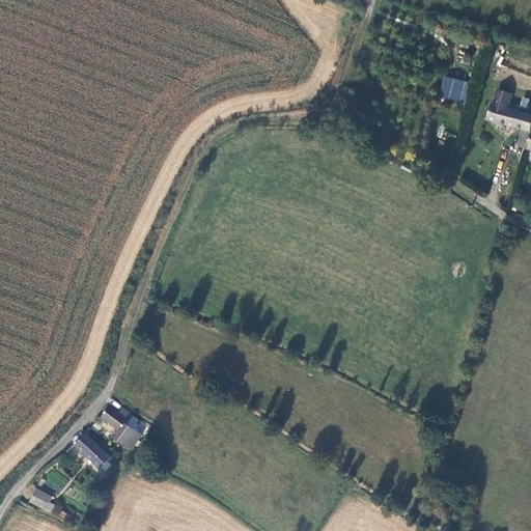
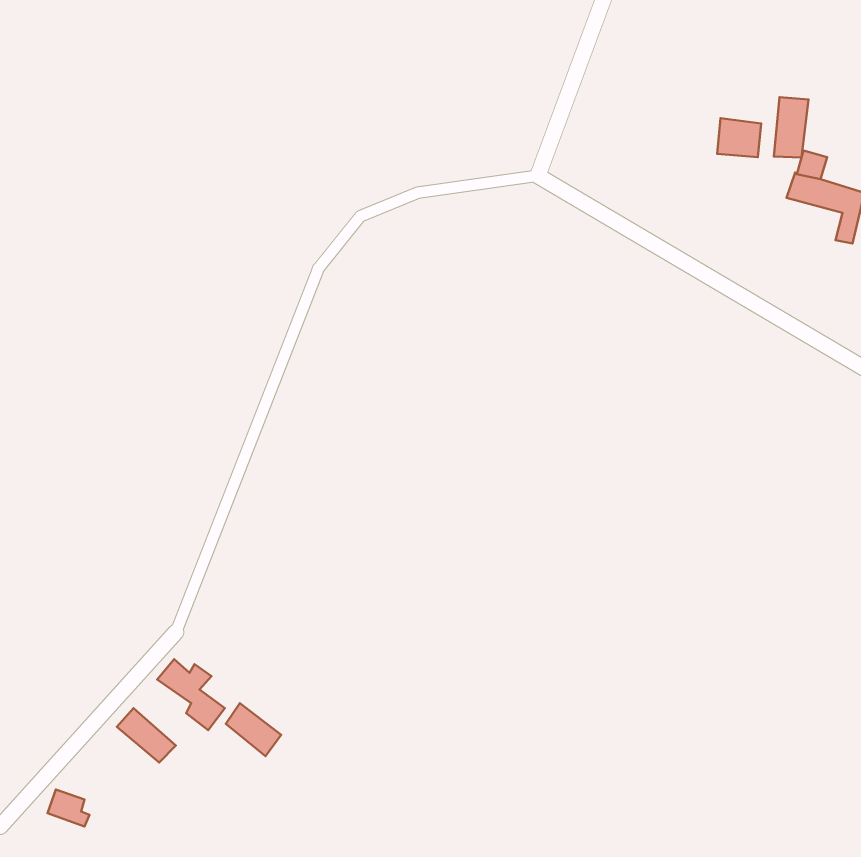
building: none -> [774,97,808,157]
building: none -> [226,703,281,756]

